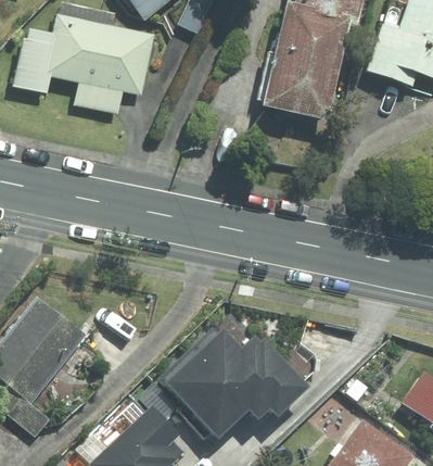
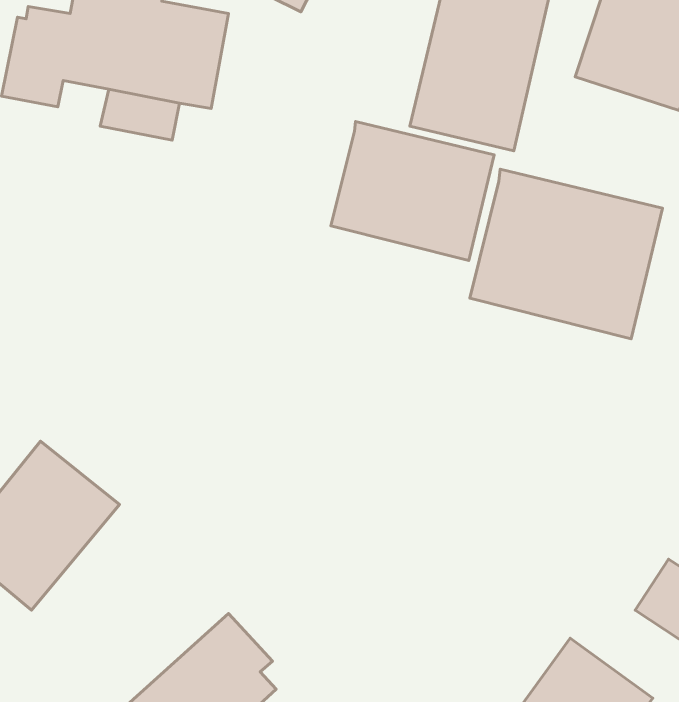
building: none -> [331,122,494,261]
building: none -> [470,169,663,339]
building: [157,311,308,438] -> none

